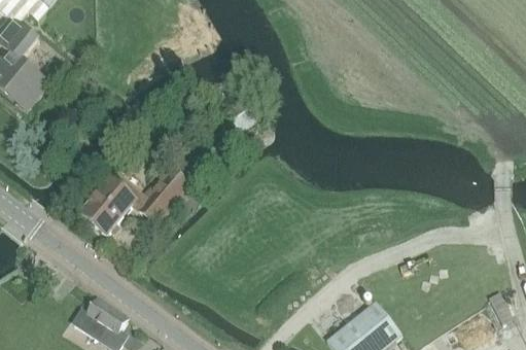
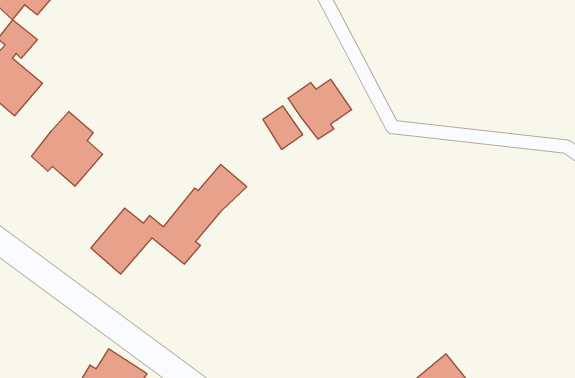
building: none -> [288,79,352,139]
building: none -> [32,111,103,186]

